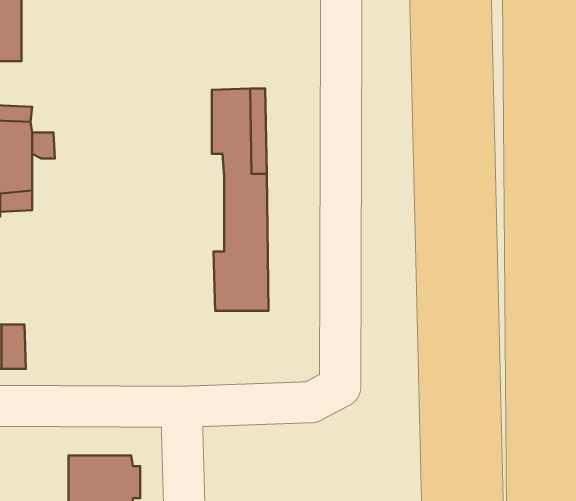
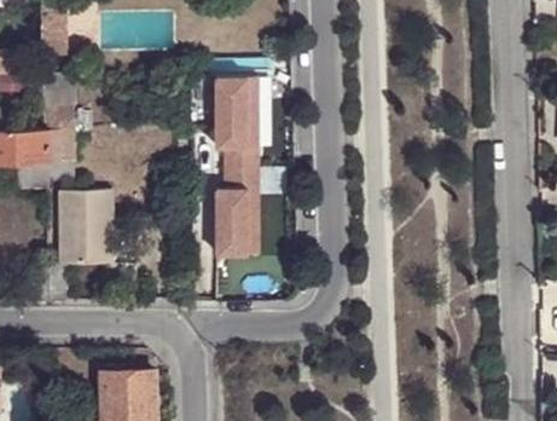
building: none -> [59,192,111,265]

